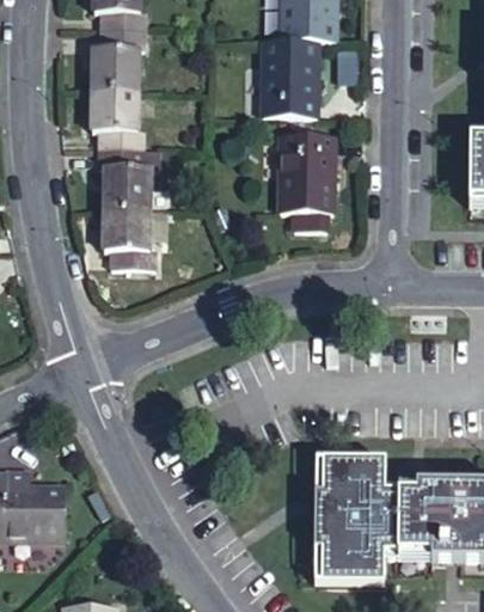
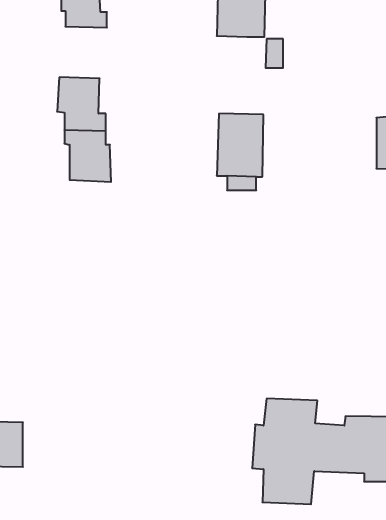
building: [97,31,152,91] -> none
building: [259,42,313,114] -> none
building: [108,208,165,268] -> none

